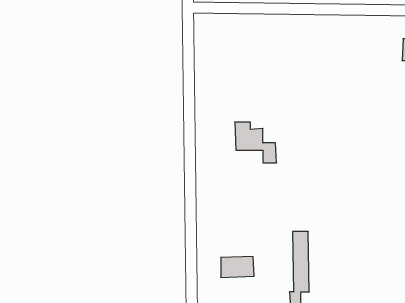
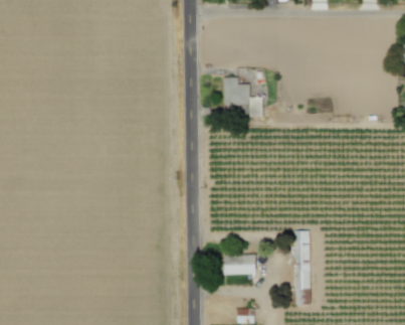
building: [235,122,277,163] -> [223,77,263,117]

